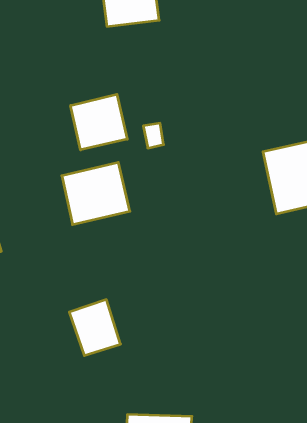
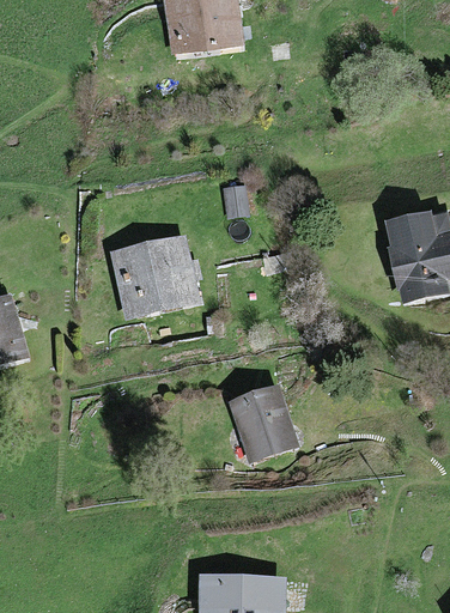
building: [71,94,127,150] -> none
building: [69,300,121,356] -> [229,383,298,459]

